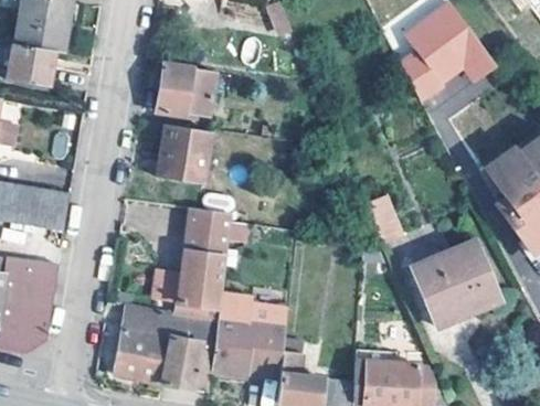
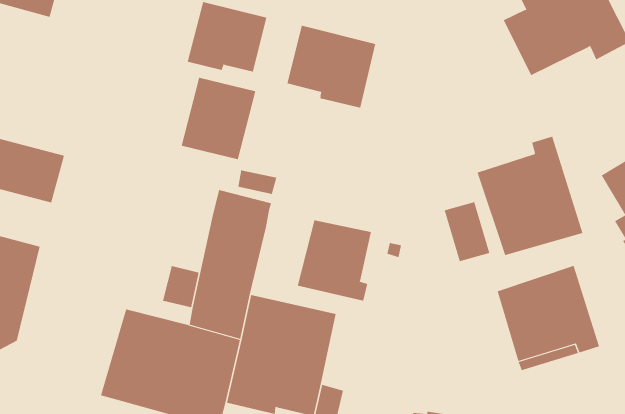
building: none -> [287,25,376,109]
building: none -> [477,136,583,256]
building: none -> [297,220,372,301]

